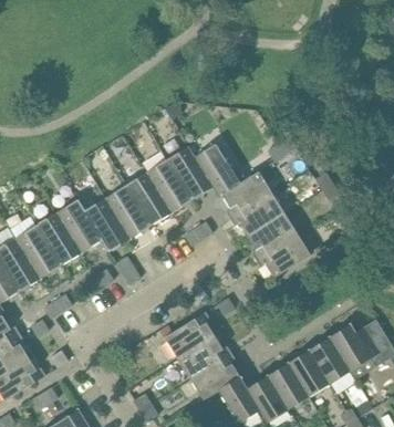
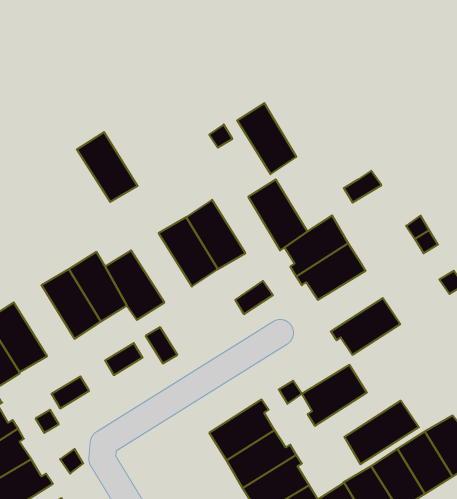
building: [166,146,211,200] -> [237,103,296,174]
building: [104,185,151,238] -> [77,132,138,202]
building: [247,214,297,260] -> [302,365,367,426]
building: [14,225,61,279] -> none
building: none -> [344,401,419,464]

